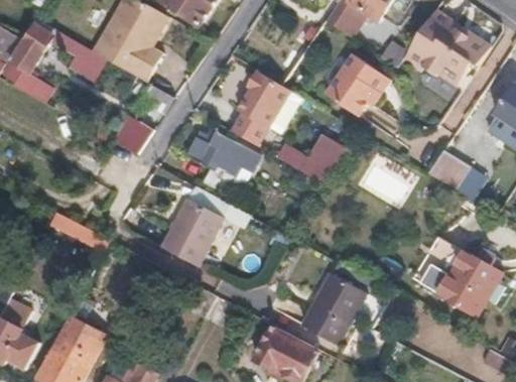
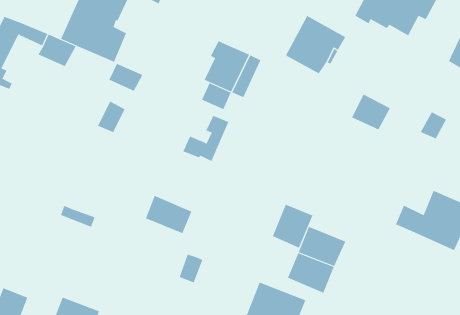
building: [184,131,243,174] -> none
building: [297,131,344,181] -> none
building: [428,148,471,187] -> [351,94,391,130]
building: [173,198,225,244] -> none
building: none -> [272,204,313,249]

